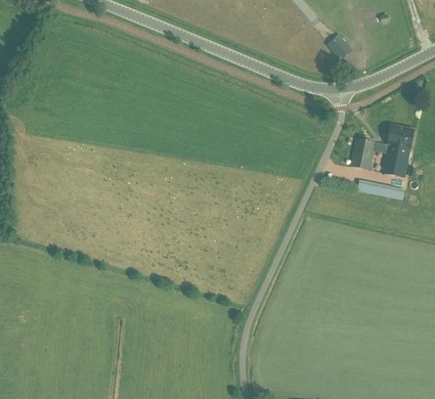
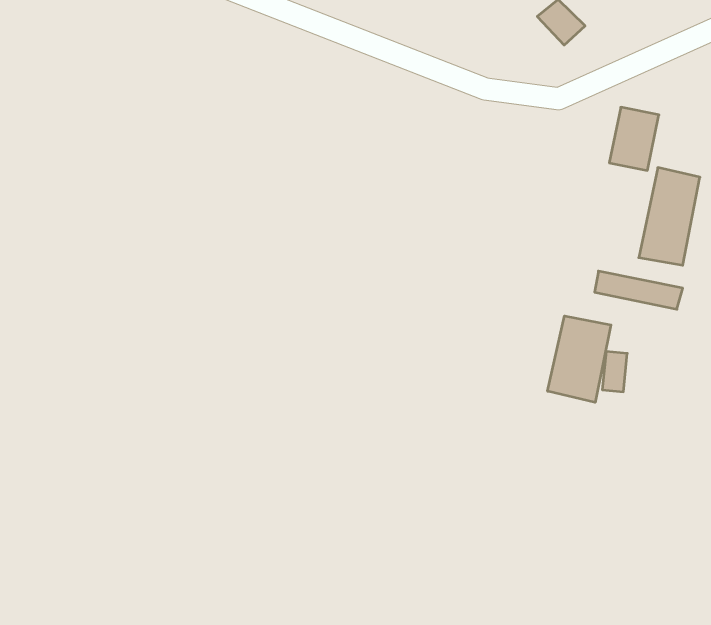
building: [349,136,376,170] -> [609,107,659,170]
building: none -> [548,316,611,402]

